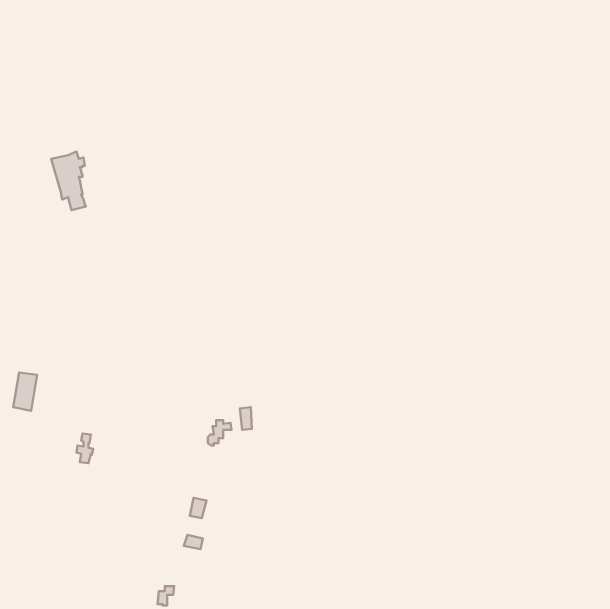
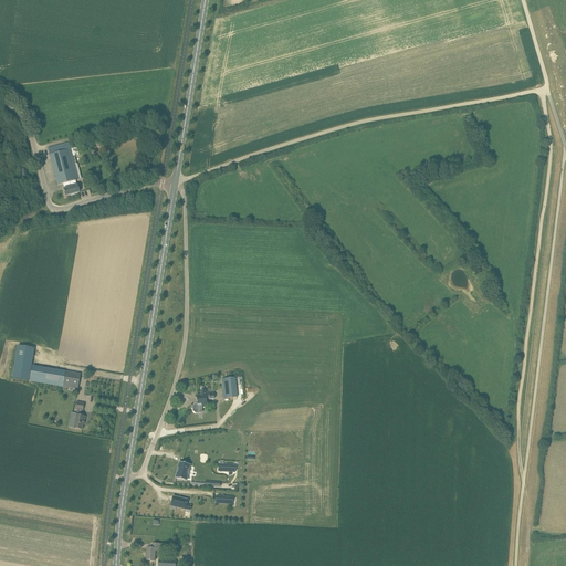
building: none -> [30,365,81,388]

